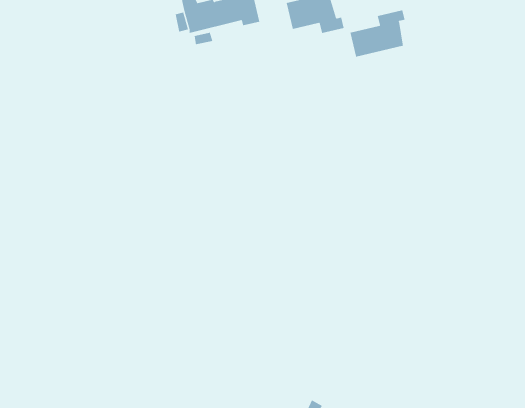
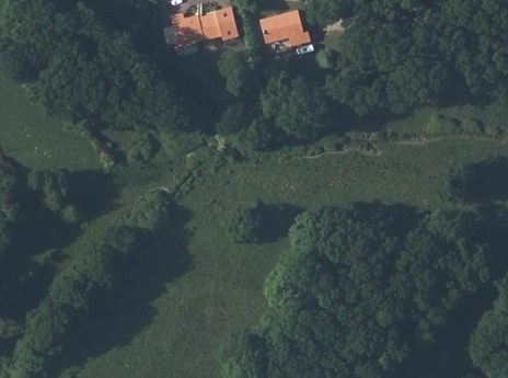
building: [350,9,405,57] -> none

